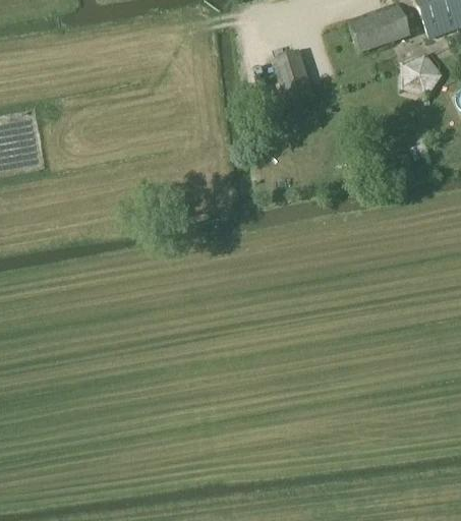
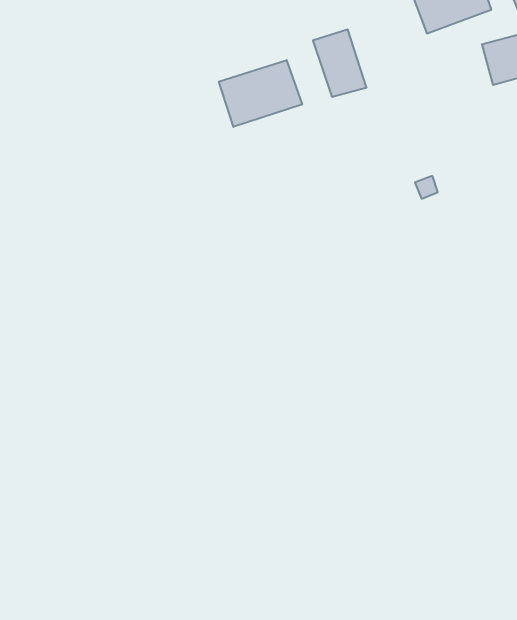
building: none -> [219,60,302,127]

